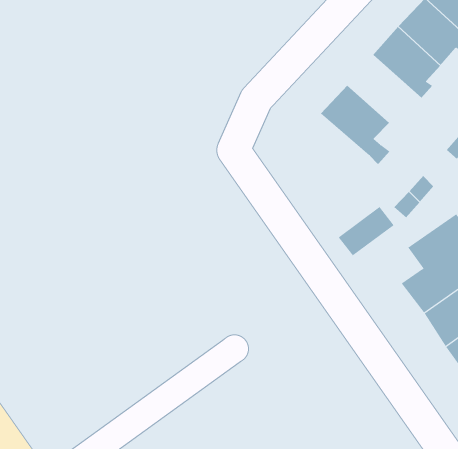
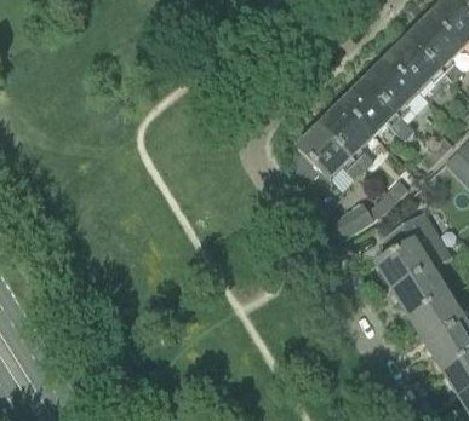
building: none -> [342,79,412,137]
building: none -> [296,123,362,190]

